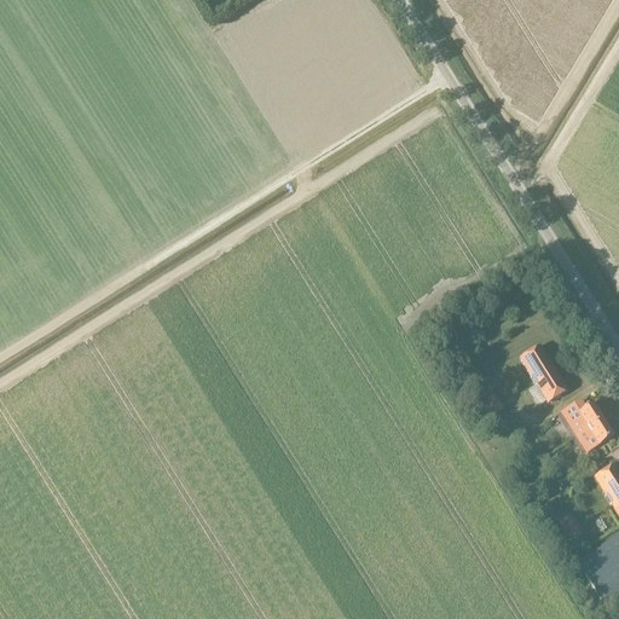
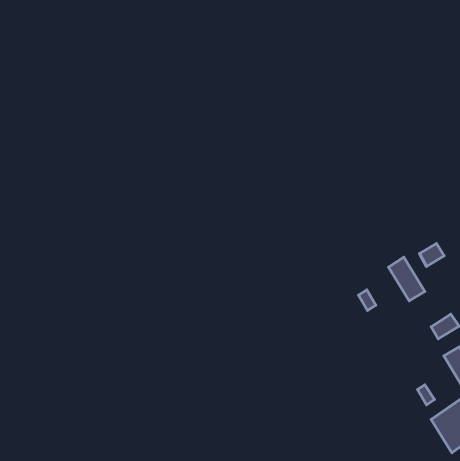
building: none -> [419,243,444,267]
building: [563,398,606,436] -> none

